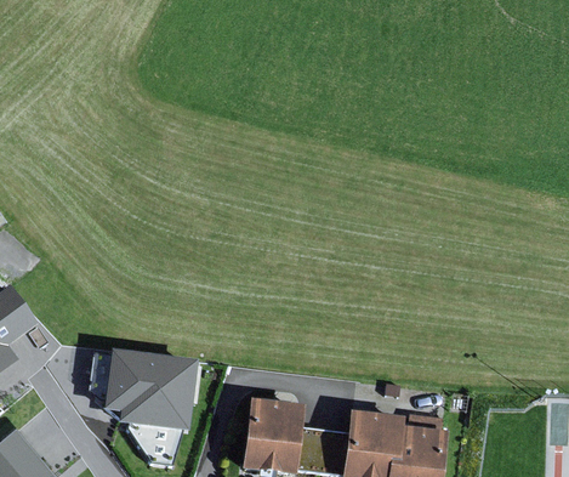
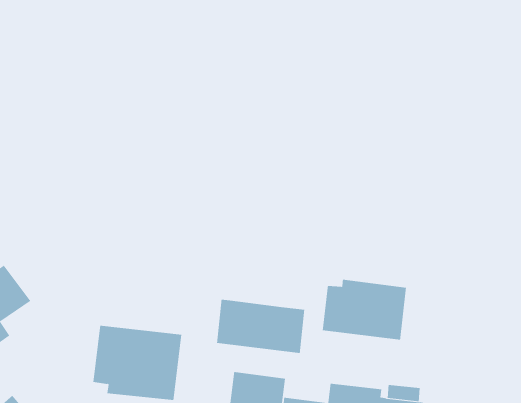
building: none -> [322,279,406,340]
building: none -> [216,299,305,354]

